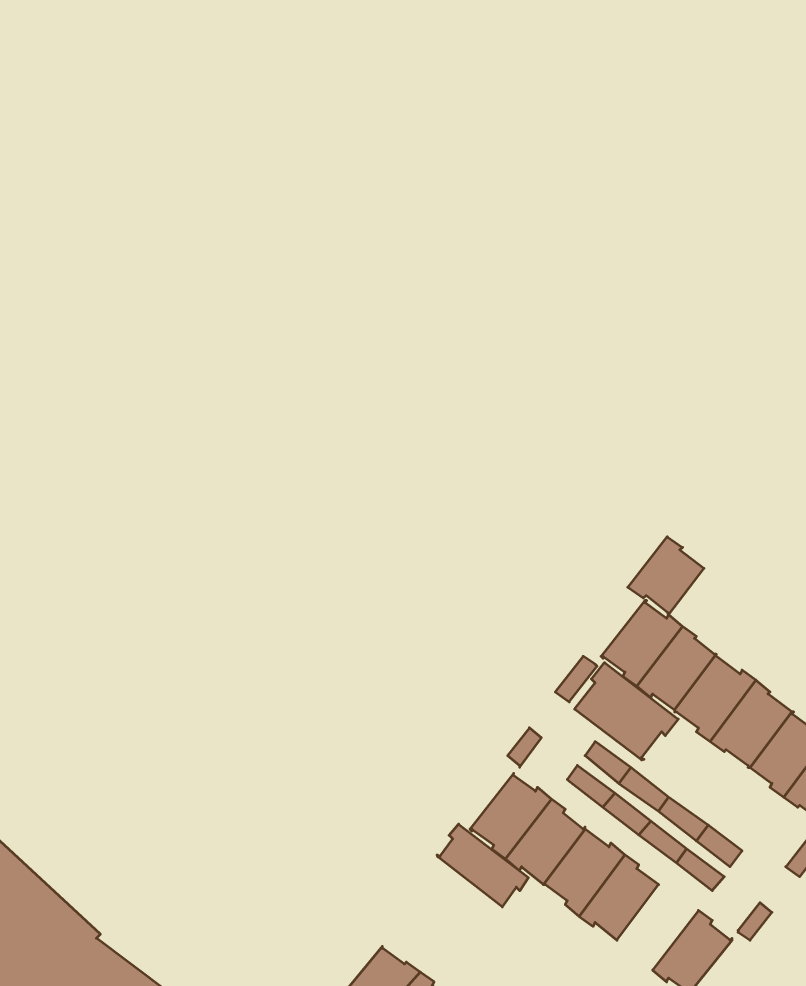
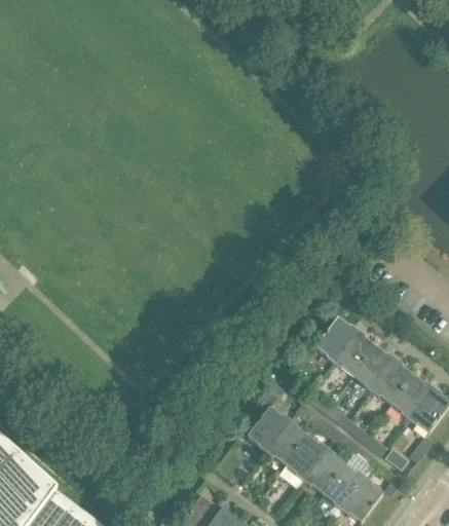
building: [628,537,704,615] -> none
building: [575,663,678,760] -> none
building: [437,824,528,907] -> none
building: none -> [323,464,365,509]

